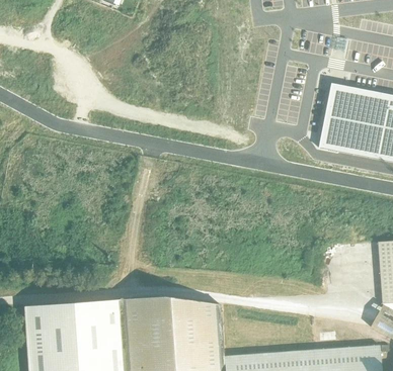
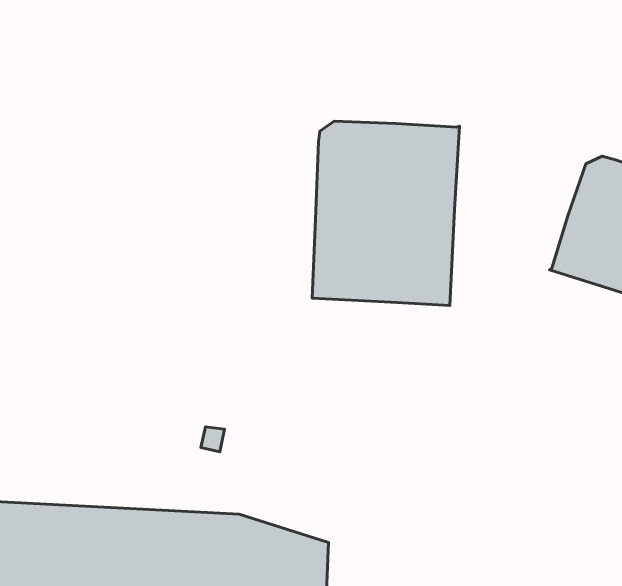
building: none -> [312,121,459,305]

